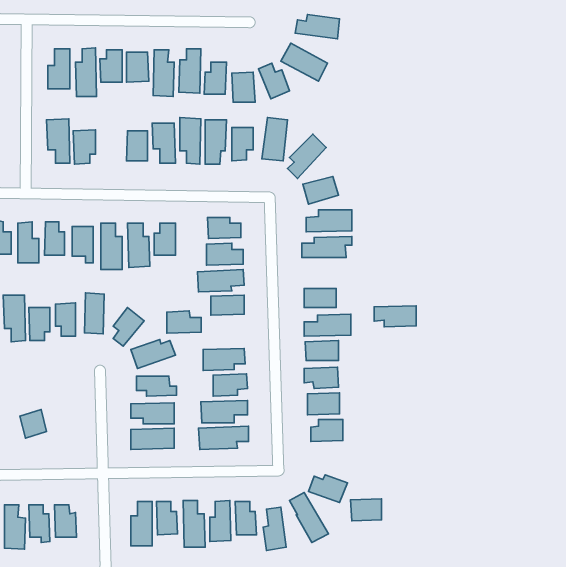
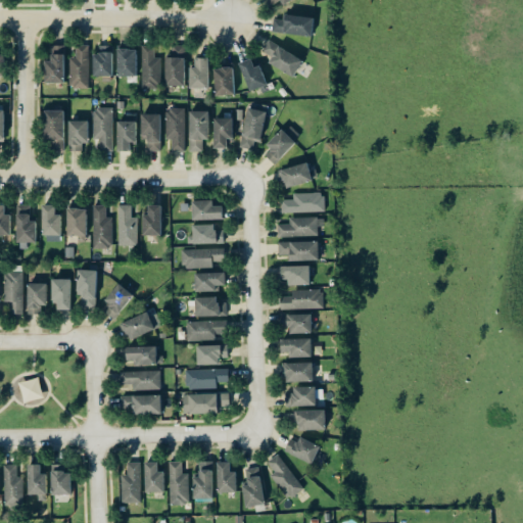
building: none -> [93,108,113,151]
building: [374,306,416,327] -> [279,241,318,260]
building: [167,311,201,333] -> [195,296,227,317]
building: [351,499,382,521] -> [296,410,325,430]

